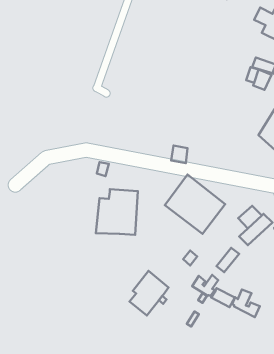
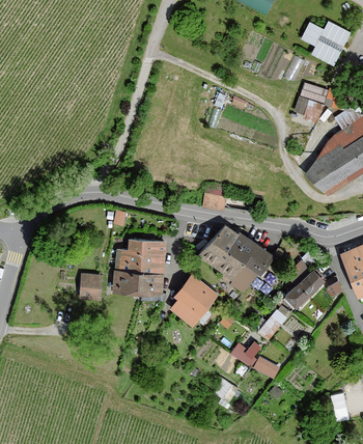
building: none -> [80,275,101,300]
building: [129,271,169,315] -> [171,273,218,326]
building: [232,290,260,317] -> none

